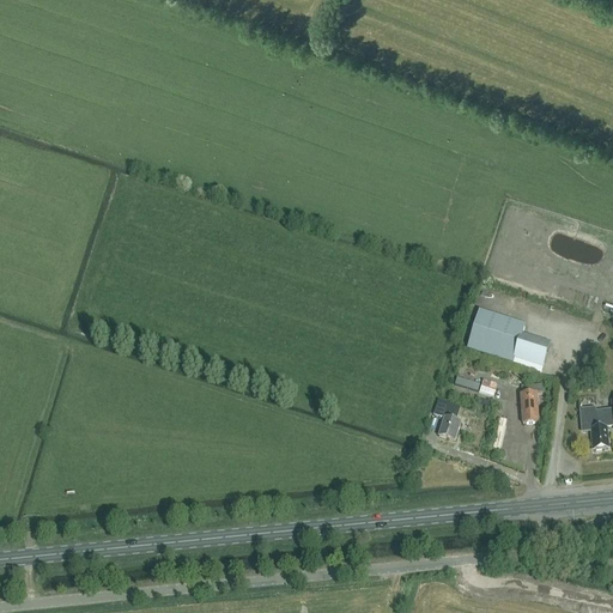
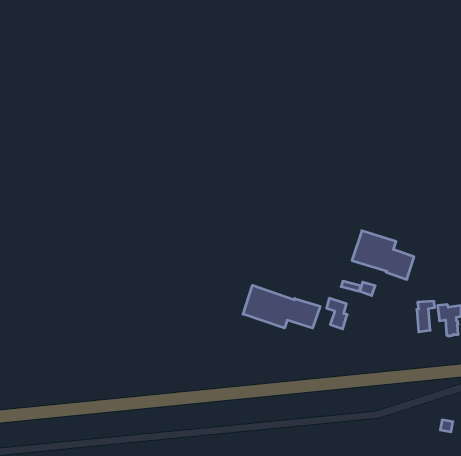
building: none -> [243,285,320,328]
building: [520,380,544,420] -> [417,301,435,332]

